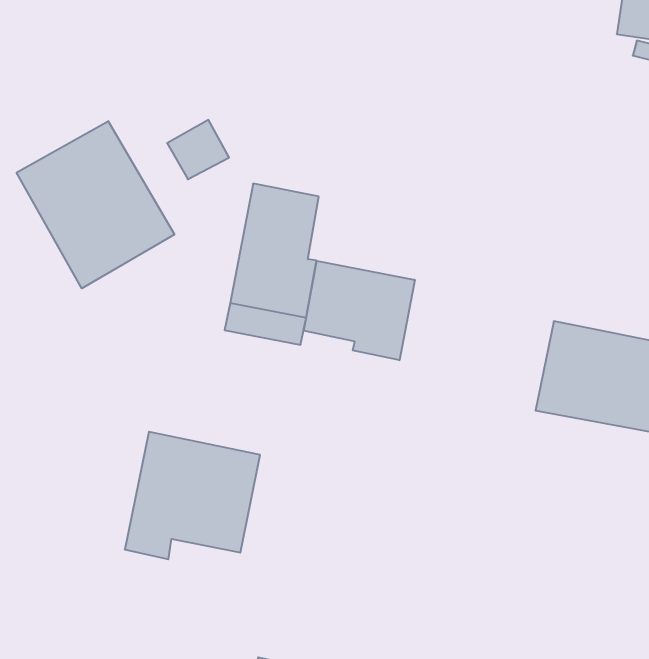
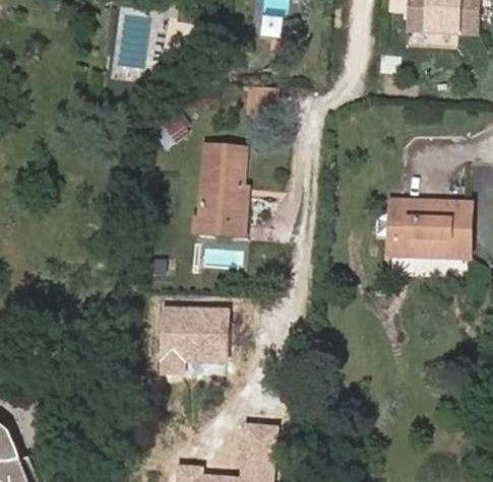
building: [17,121,174,288] -> none
building: [304,261,415,360] -> none

